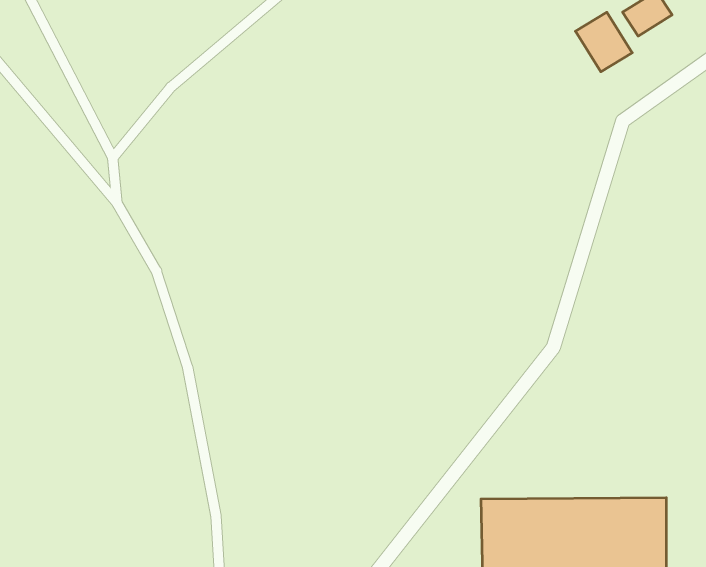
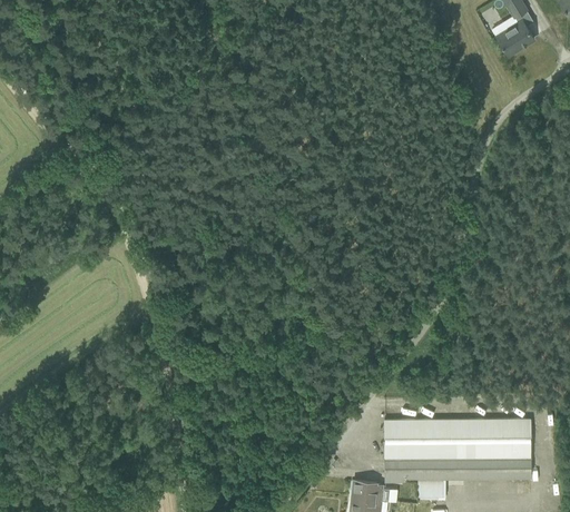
building: [575,12,632,72] -> none

